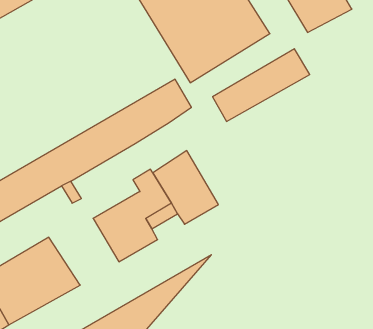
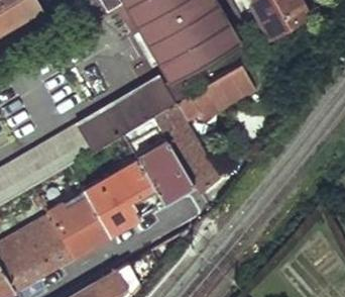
building: none -> [152,101,224,193]
building: none -> [44,192,109,255]

